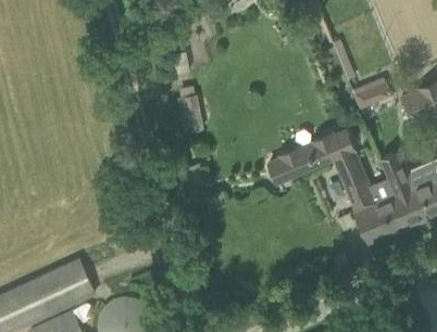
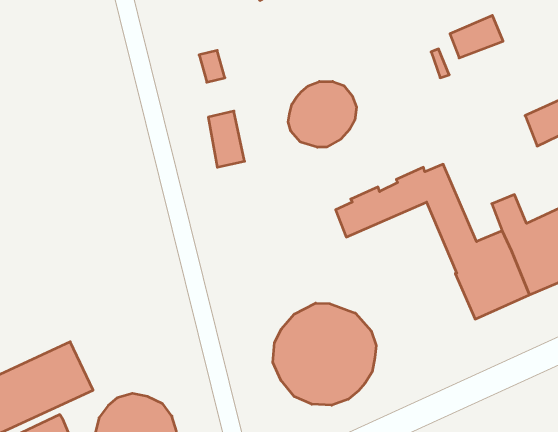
building: none -> [288,81,357,147]
building: [352,76,390,106] -> [450,15,503,58]
building: none -> [273,303,376,405]

